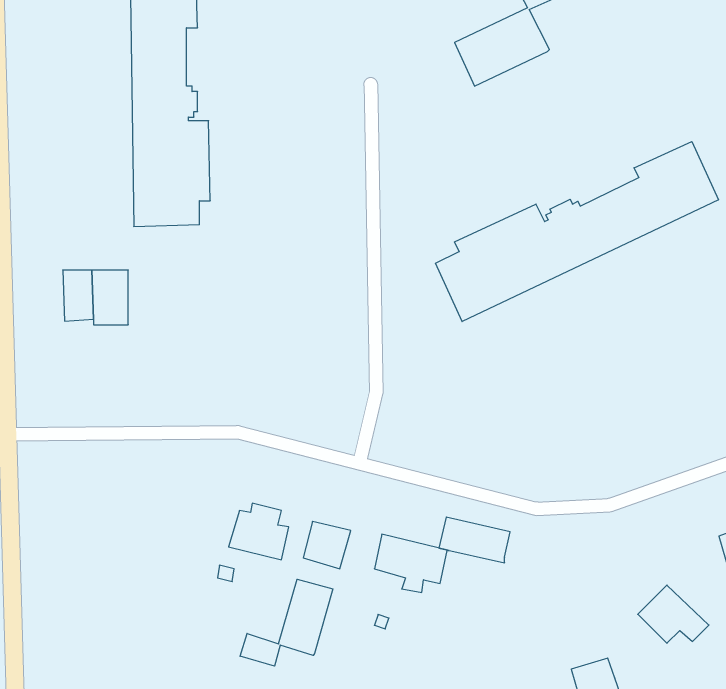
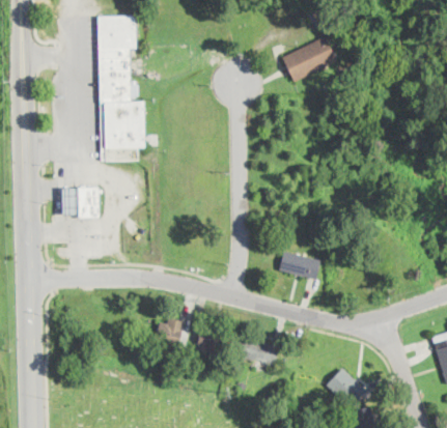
building: [435,142,718,322] -> none
building: [439,517,510,563] -> [279,254,319,280]
building: [240,579,333,666] -> none
building: [638,585,709,643] -> [326,369,366,402]

